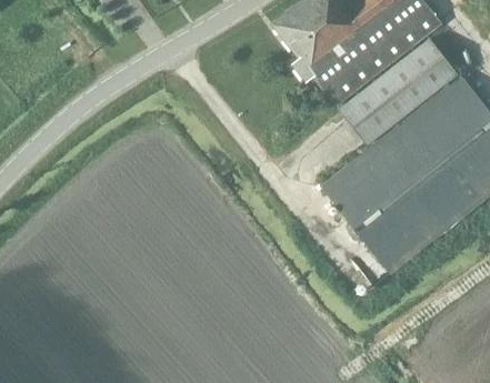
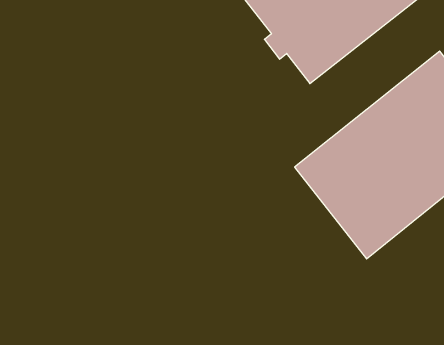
building: [340,39,459,147] -> none

